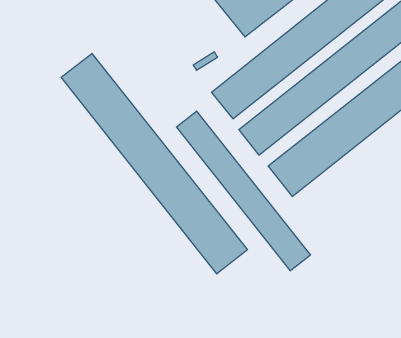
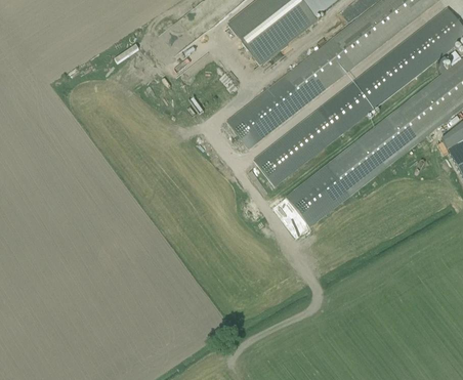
building: [61,53,247,274] -> none
building: [177,111,310,271] -> none

